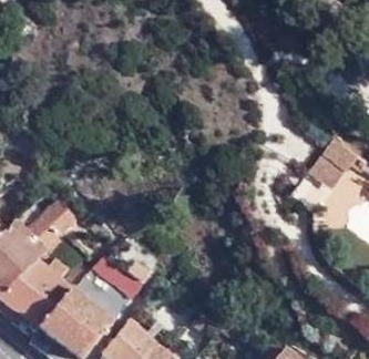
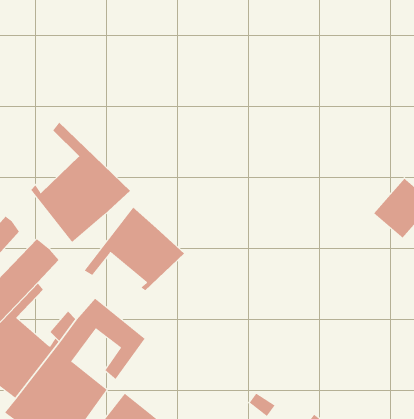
building: none -> [30,122,131,243]
building: none -> [84,207,185,291]

